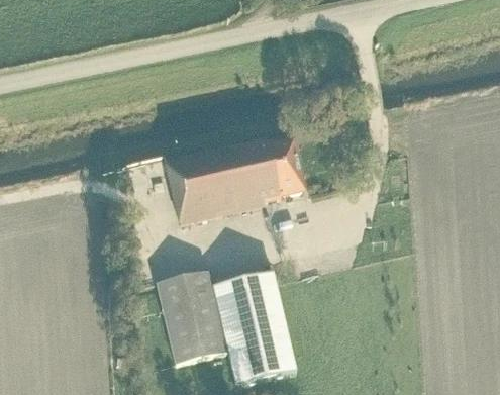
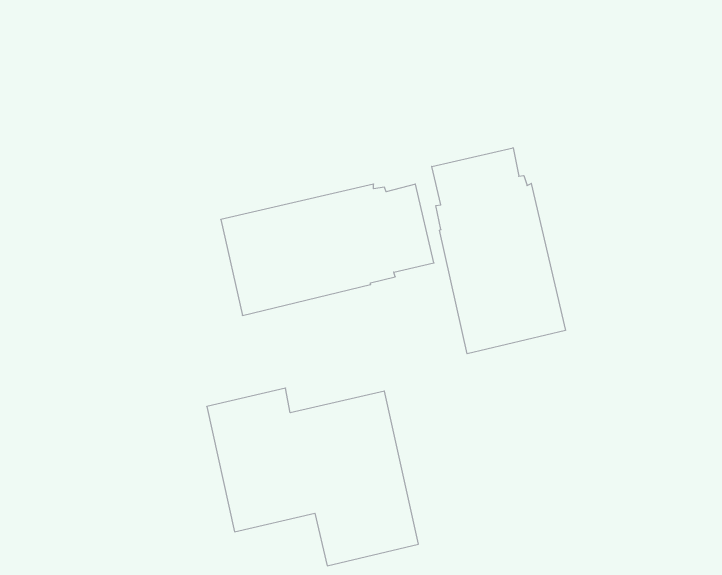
building: none -> [432,148,565,354]

